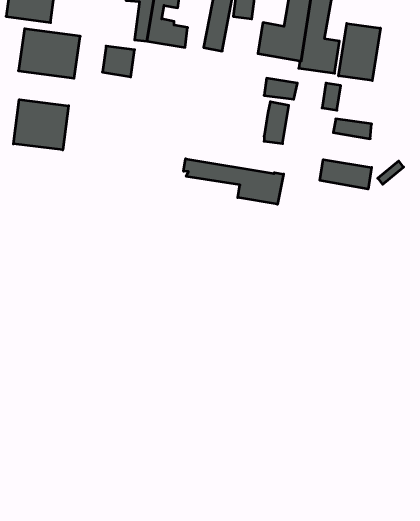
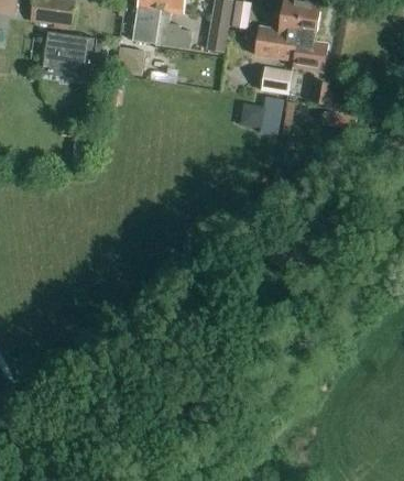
building: [339,23,380,81] -> none
building: [13,100,69,150] -> none
building: [184,159,284,204] -> none
building: [320,160,372,189] -> none

